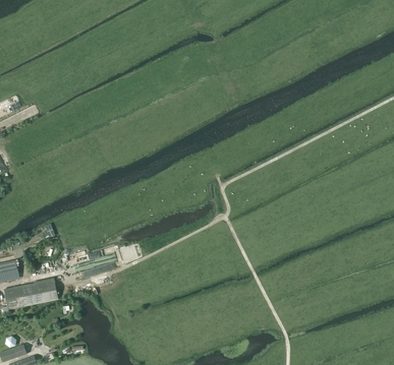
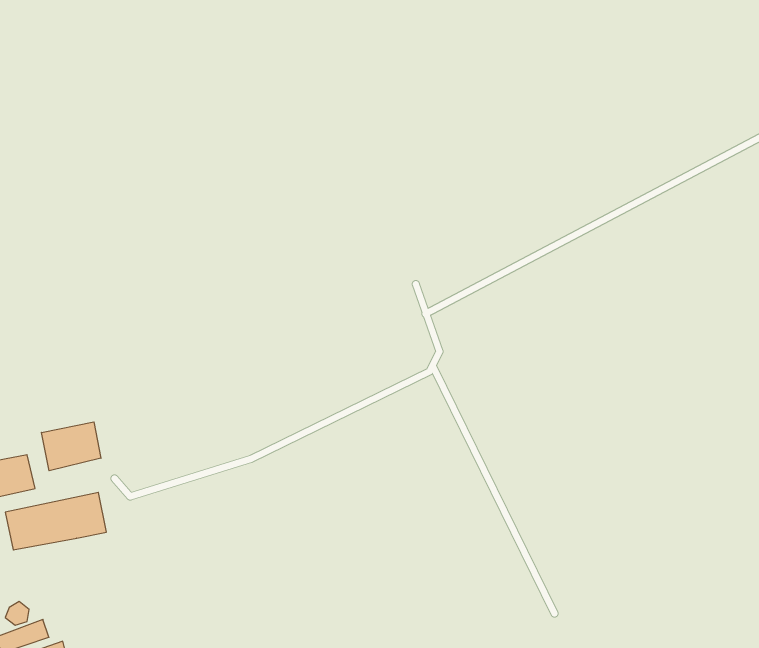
building: none -> [41,422,101,471]

